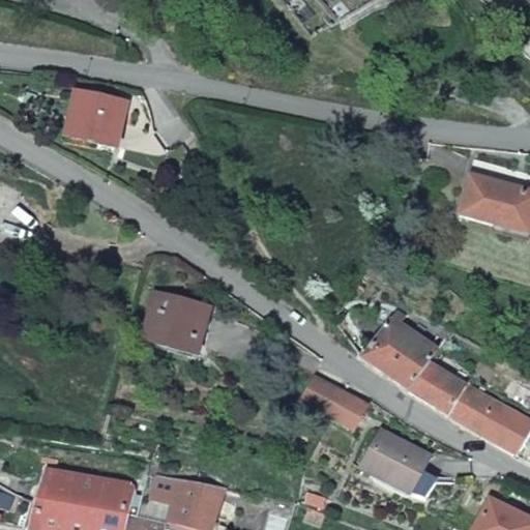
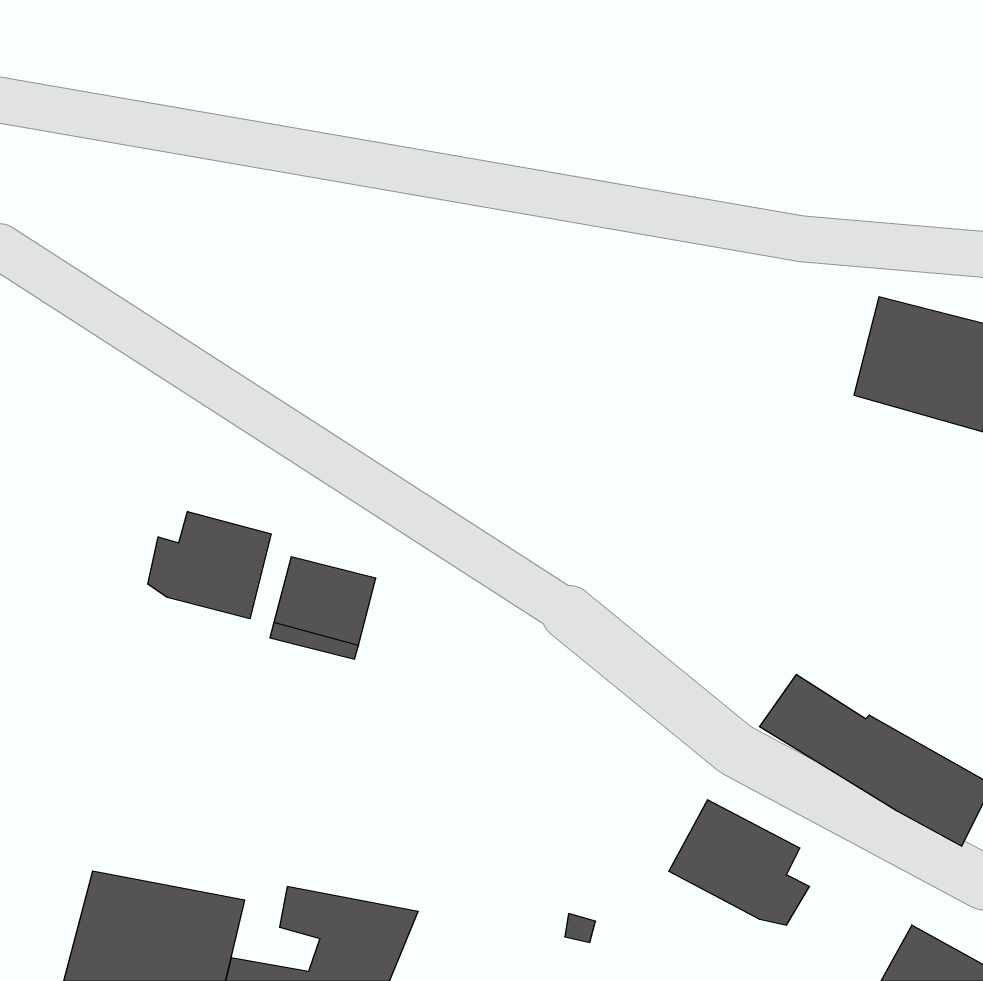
building: [71,95,120,141] -> none
building: none -> [148,511,271,619]
building: [362,310,437,390] -> none
building: [301,375,366,429] -> none

